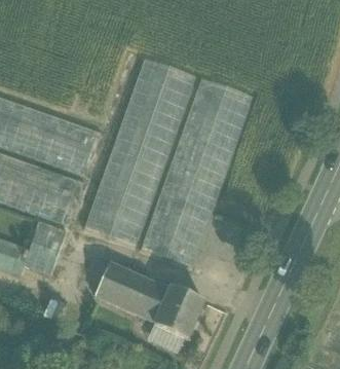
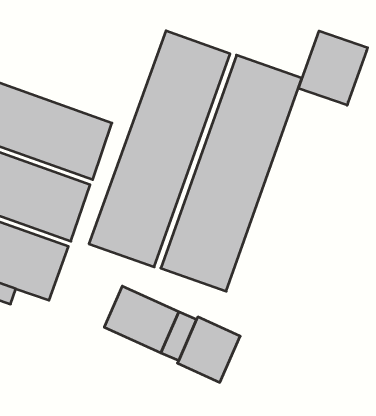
building: none -> [299,31,368,105]

